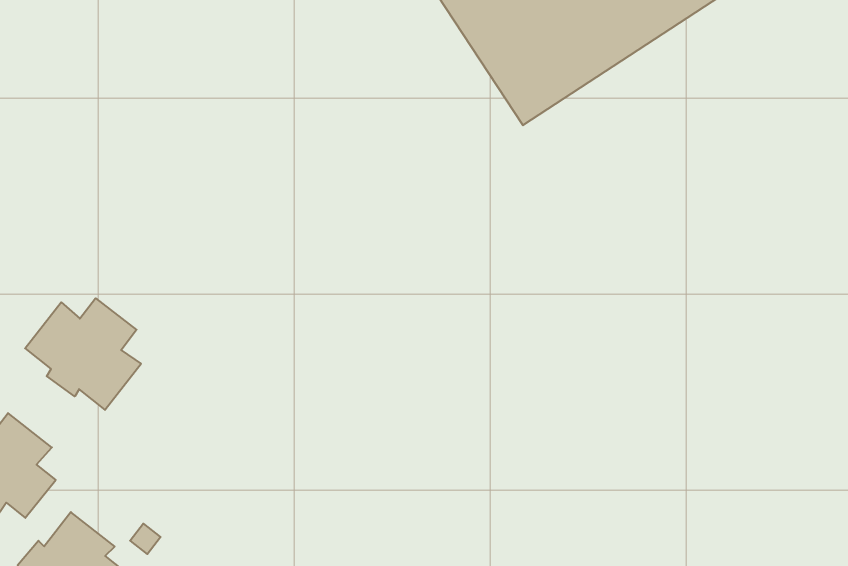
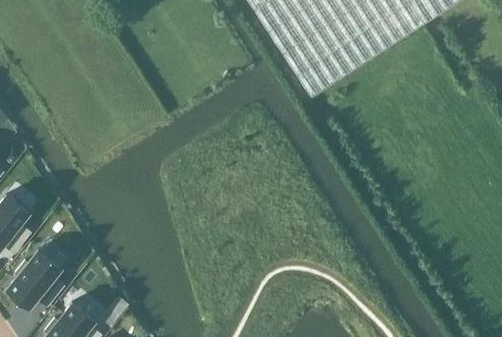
building: [25,298,141,410] -> none

